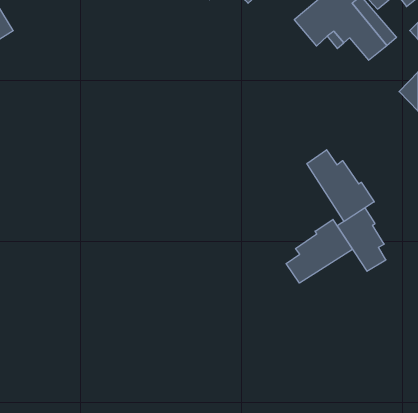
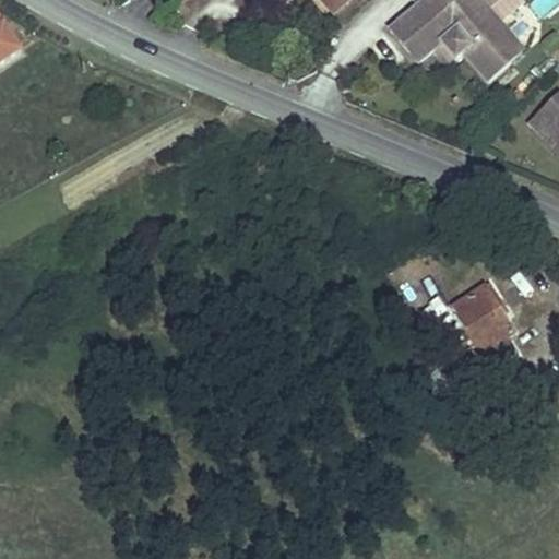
building: [307,150,374,221] -> none
building: [286,219,352,283] -> none

